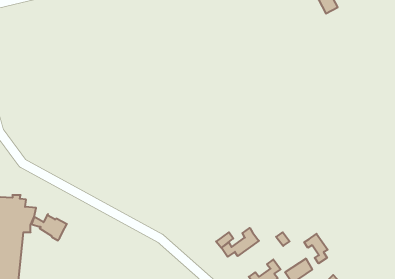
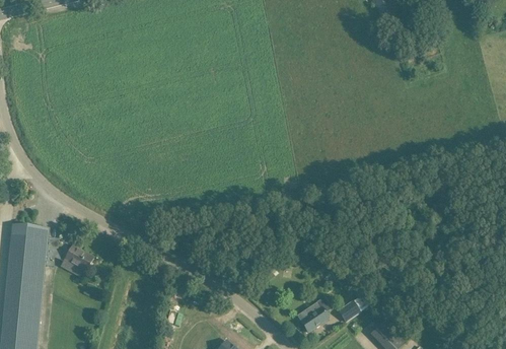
building: [221,228,259,257] -> none
building: [304,234,328,263] -> none

